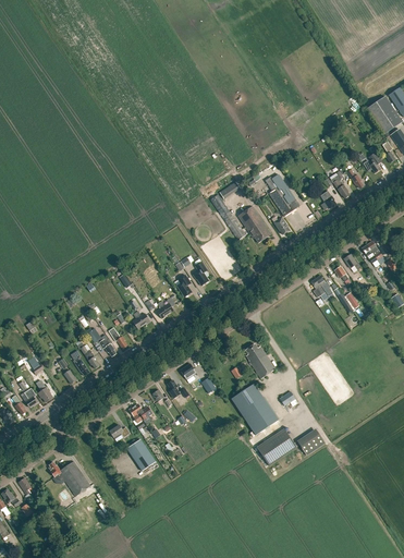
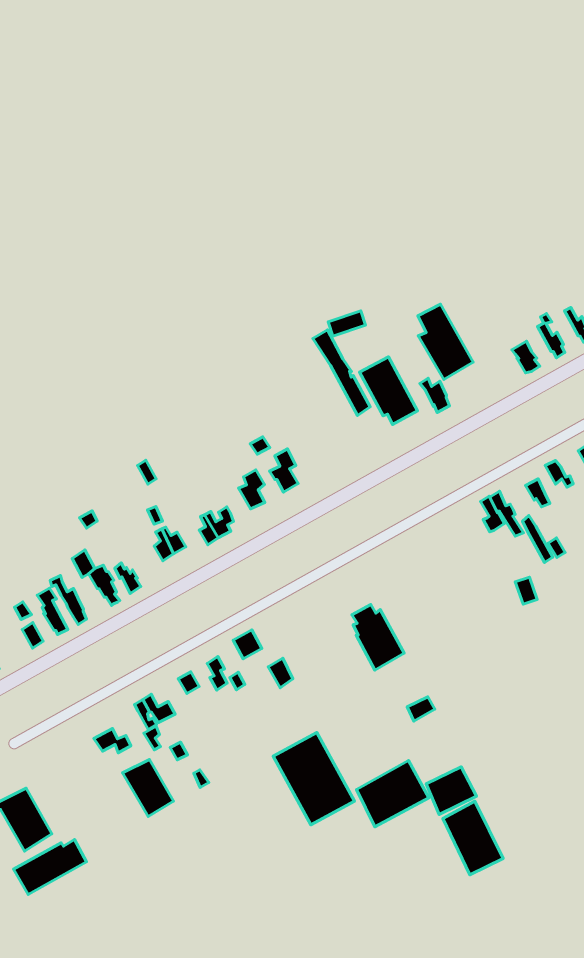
building: [231,384,278,435] -> [273,732,354,825]
building: none -> [443,801,503,875]
building: none -> [14,840,87,895]

